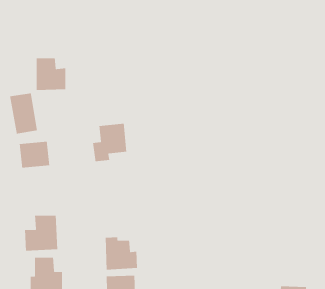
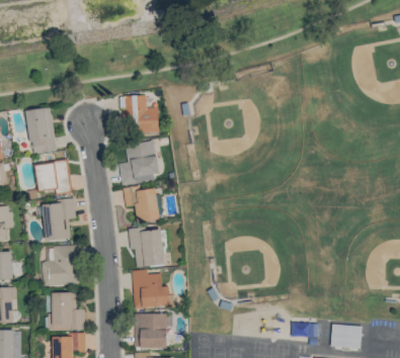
building: [36,58,66,91] -> [124,95,158,132]
building: none -> [124,185,159,221]
building: none -> [43,199,76,241]
building: none -> [132,228,164,266]

